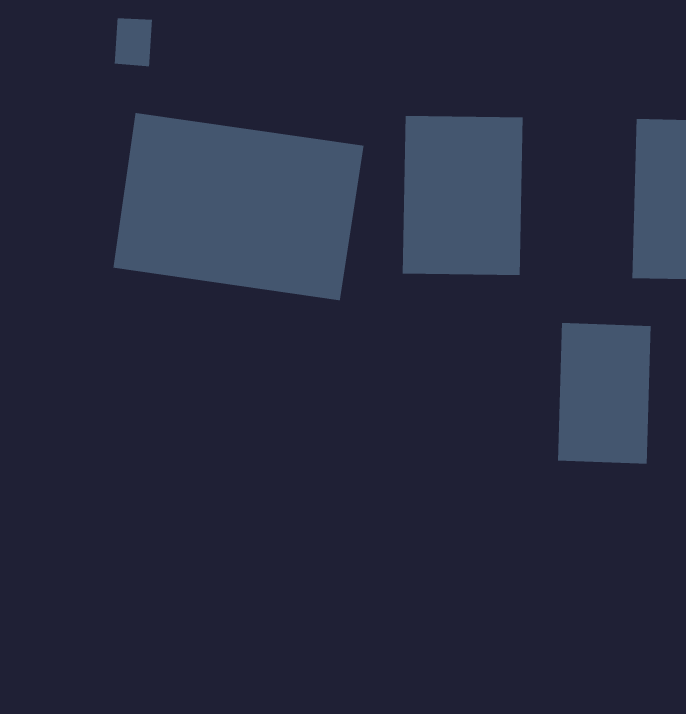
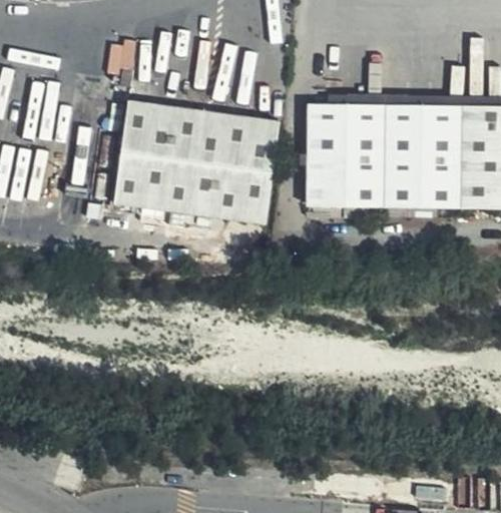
building: none -> [385,102,462,210]
building: [557,322,651,464] -> none

